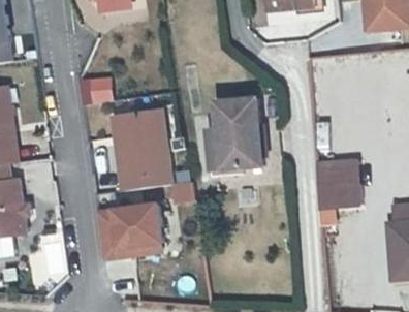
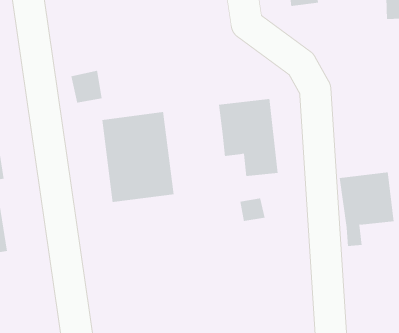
building: [206,130,238,178] -> none
building: [95,206,166,260] -> none

